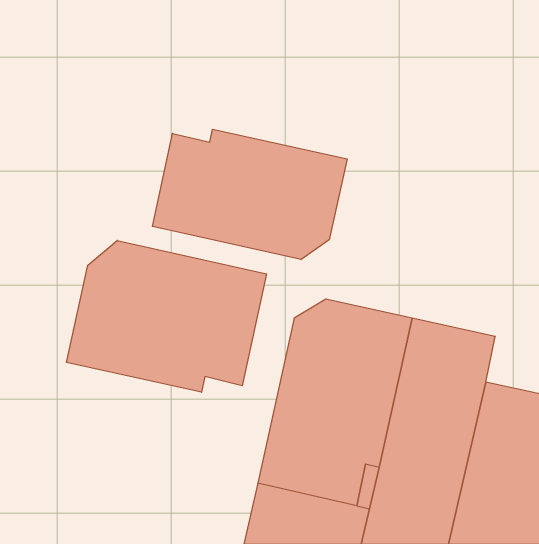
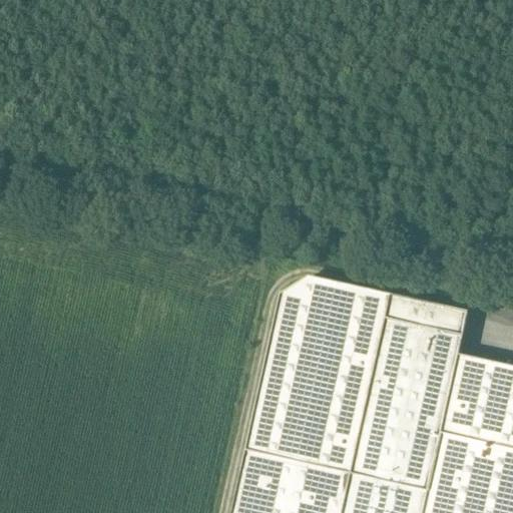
building: [152,129,347,260] -> none
building: [66,240,267,392] -> none

